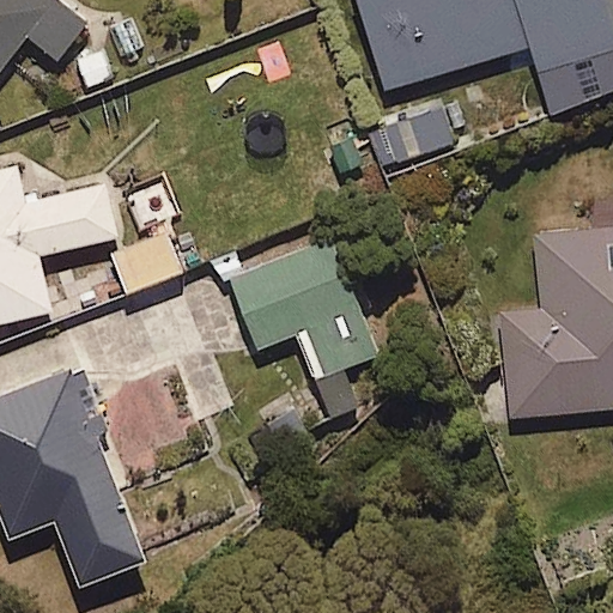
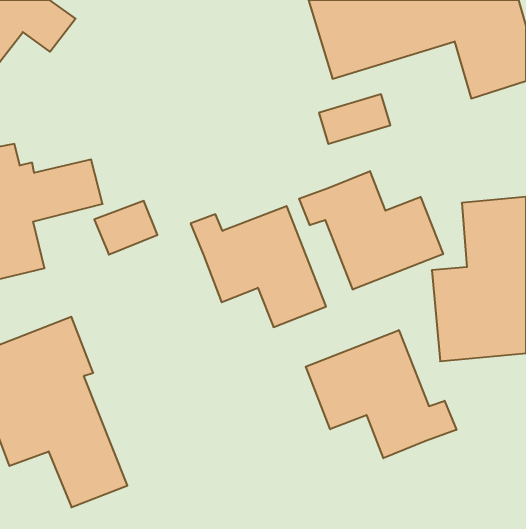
building: none -> [299,171,443,290]
building: none -> [306,330,456,458]

